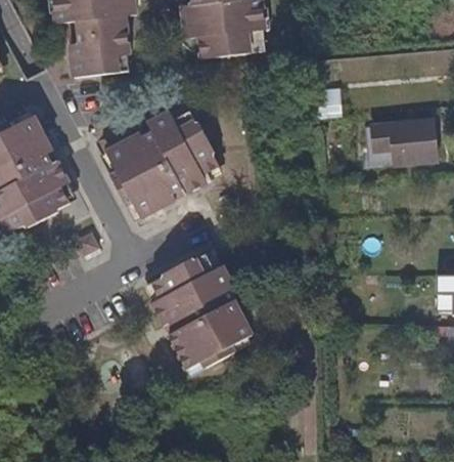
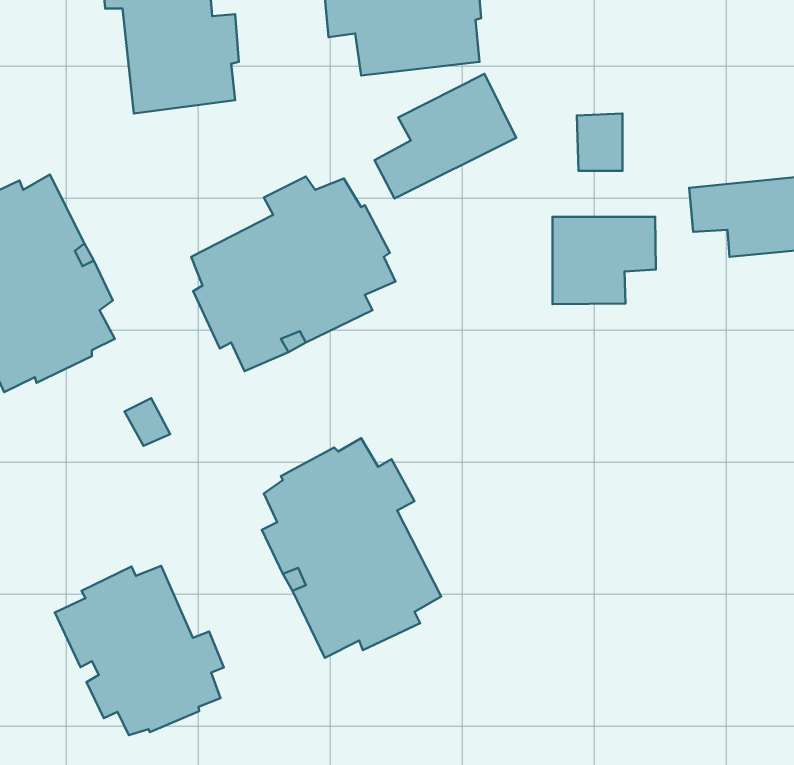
building: none -> [375,74,516,199]
building: none -> [552,217,656,304]
building: none -> [55,566,224,735]

